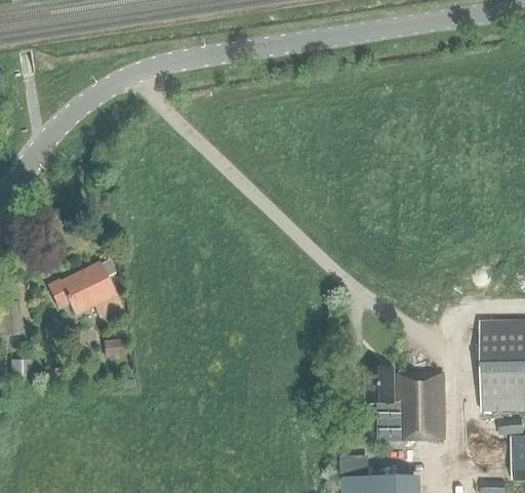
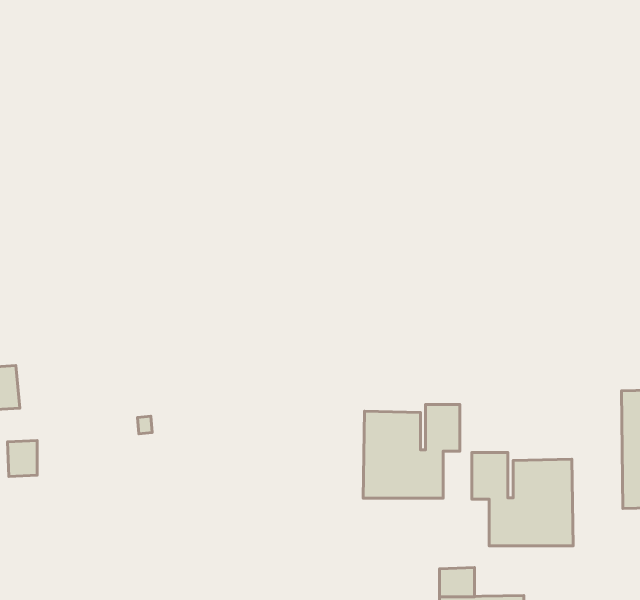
building: [48,260,120,318] -> none
building: none -> [363,404,460,498]

